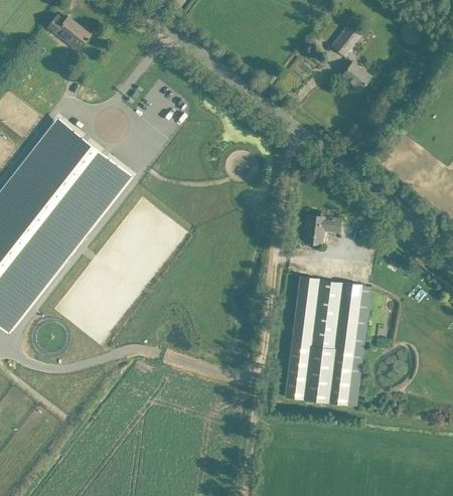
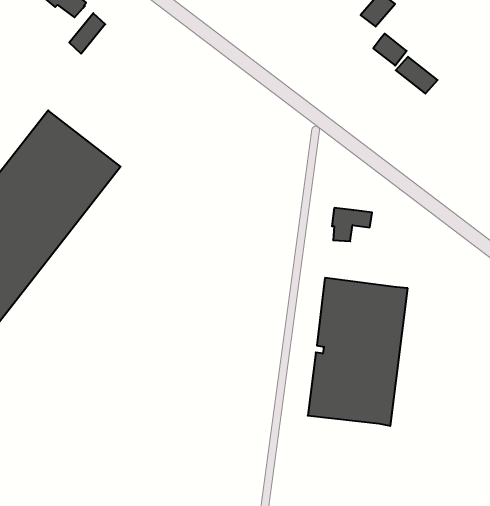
building: none -> [69,13,105,54]
building: none -> [396,57,438,94]

